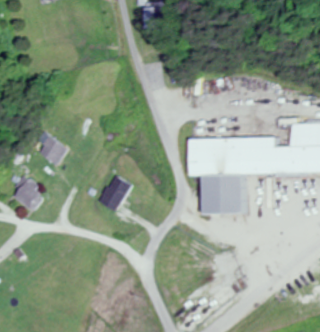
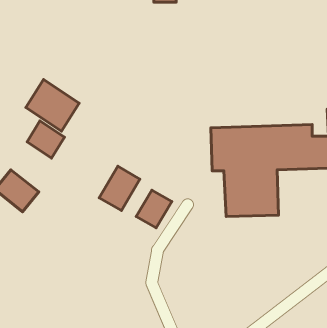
building: none -> [26,80,79,131]
building: none -> [136,190,172,228]

